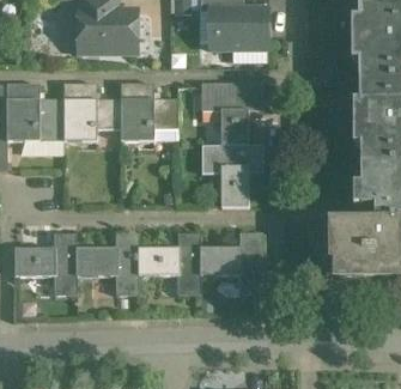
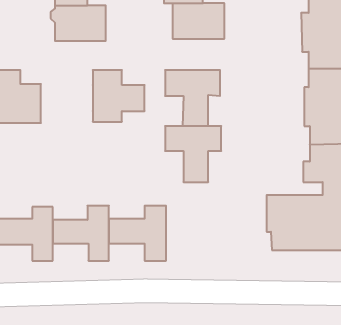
building: [63,83,121,141] -> none
building: [202,232,263,294] -> none

